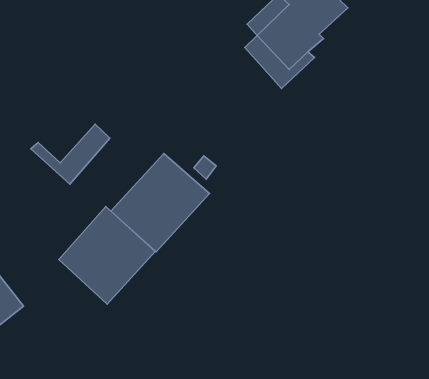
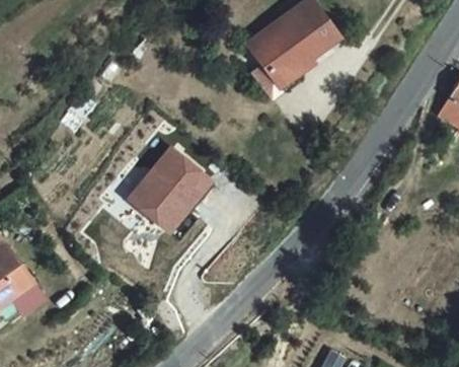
building: [31,124,110,184] -> none
building: [59,206,155,304] -> none

